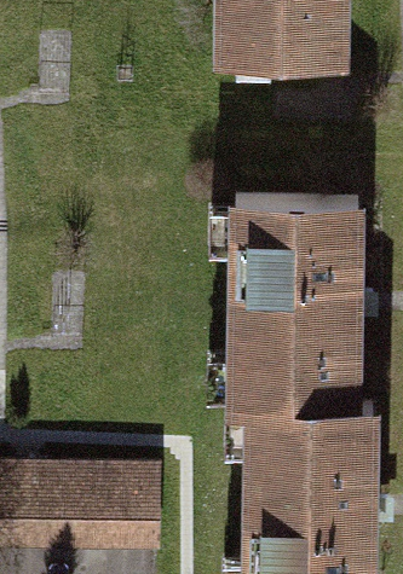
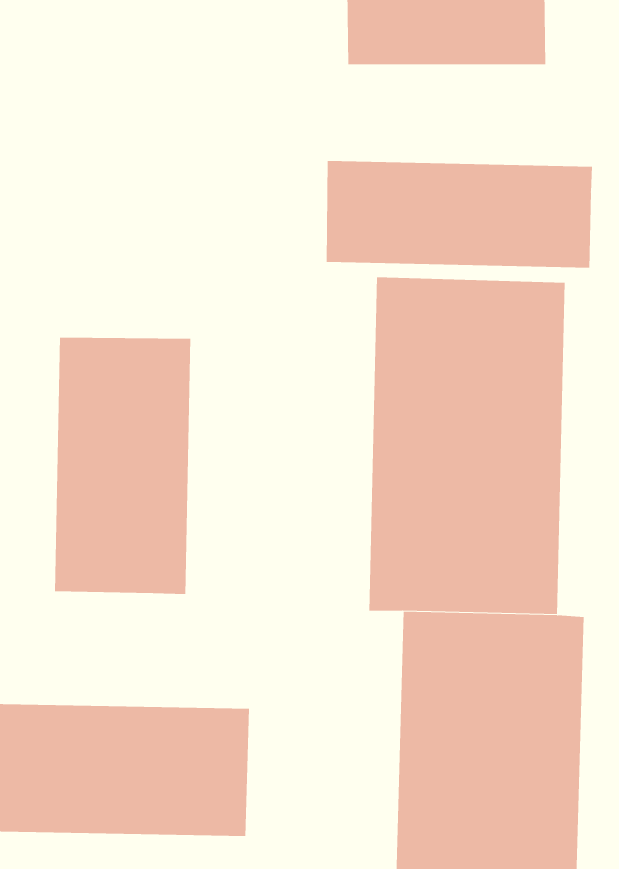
building: none -> [326,160,593,269]
building: none -> [55,337,191,595]

